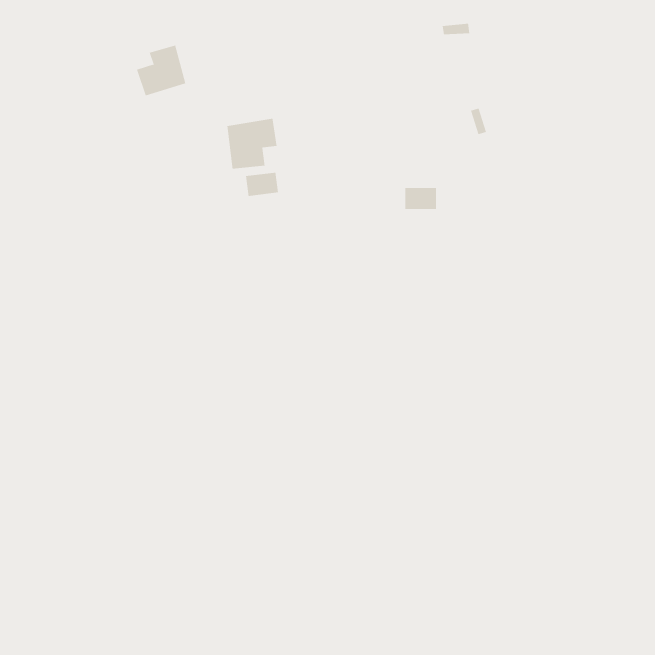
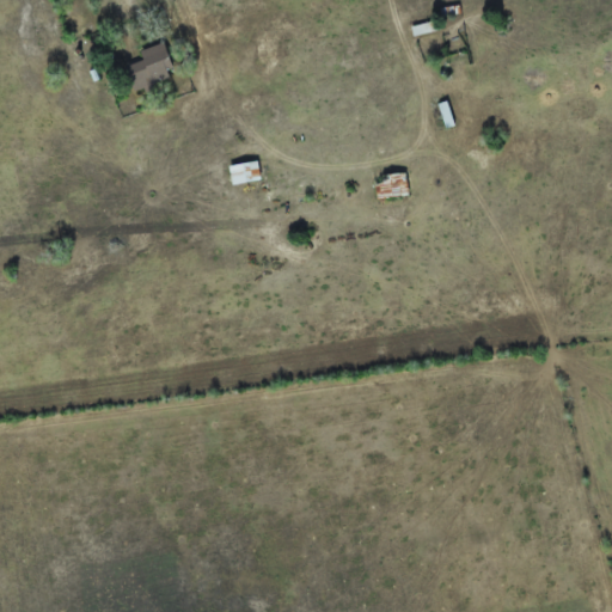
building: [227,118,277,170] -> none

